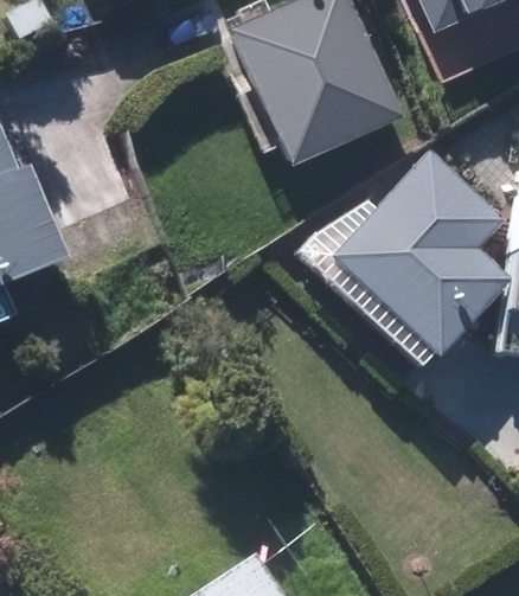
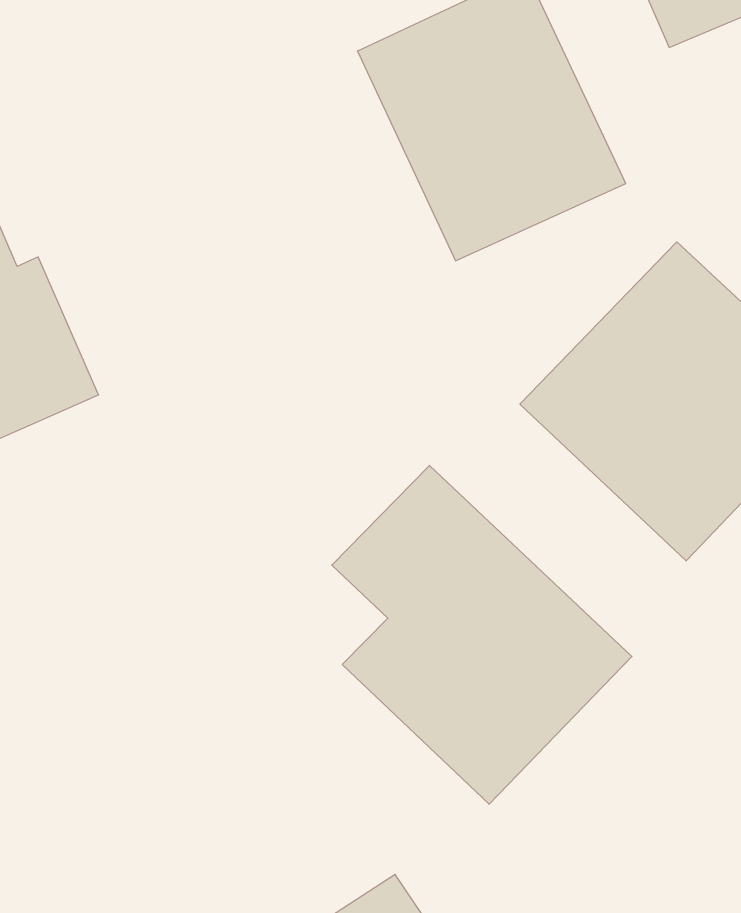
building: none -> [332,465,632,804]

